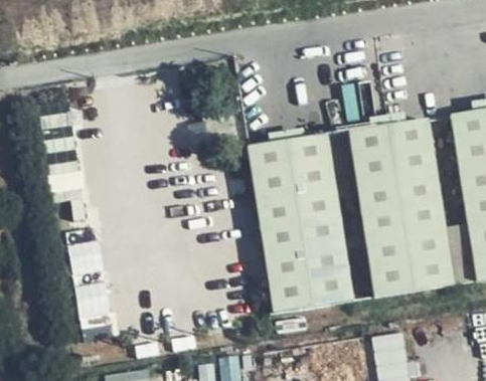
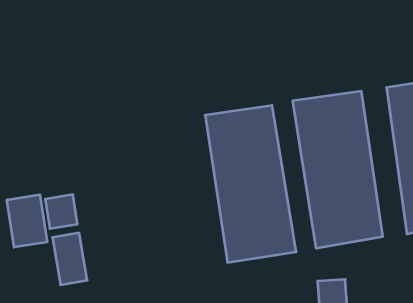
building: none -> [7,195,47,247]

